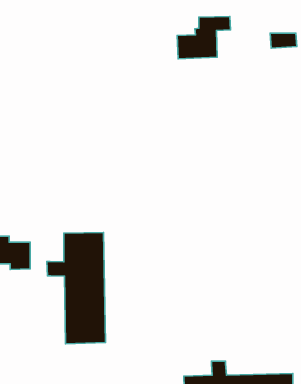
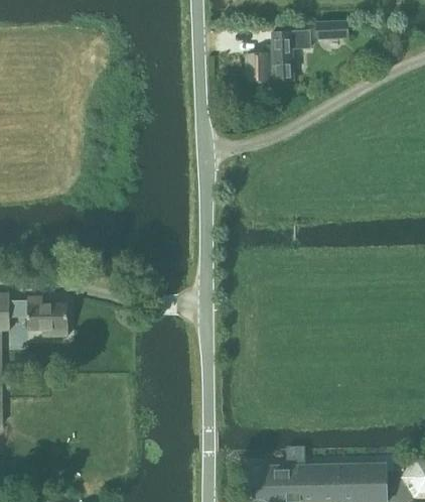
building: [270,33,297,48] -> [315,21,347,39]
building: [47,233,105,344] -> none

